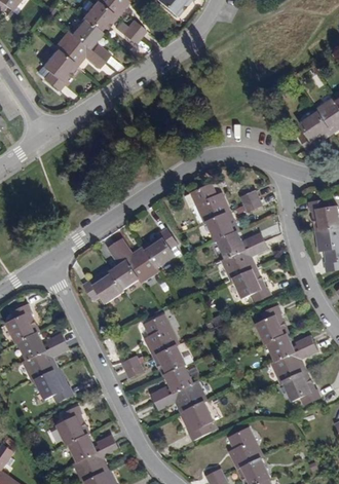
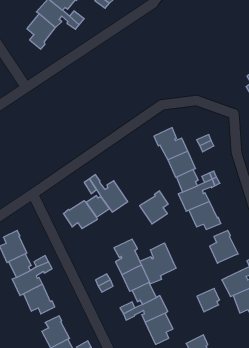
building: [144,229,178,268] -> [140,191,168,224]
building: none -> [140,243,176,284]
building: [267,334,294,362] -> [197,288,220,312]

